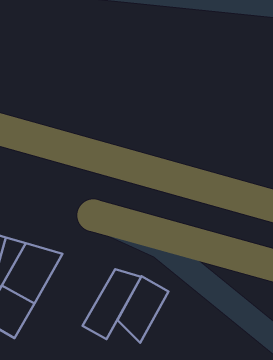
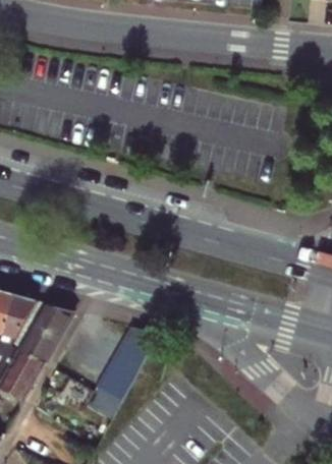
building: [117,276,169,343] -> none

